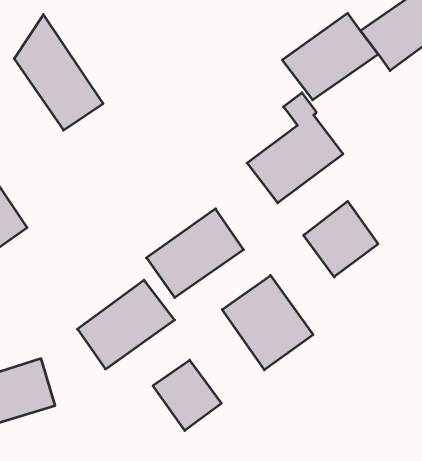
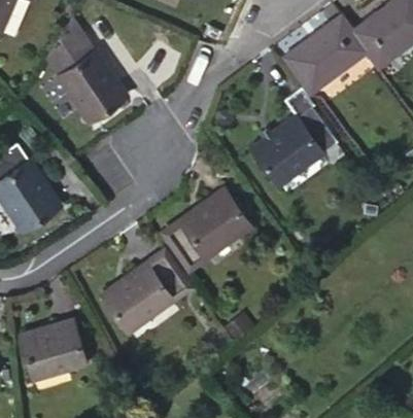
building: [304,201,378,277] -> none
building: [222,275,313,370] -> none
building: [153,360,221,431] -> none

